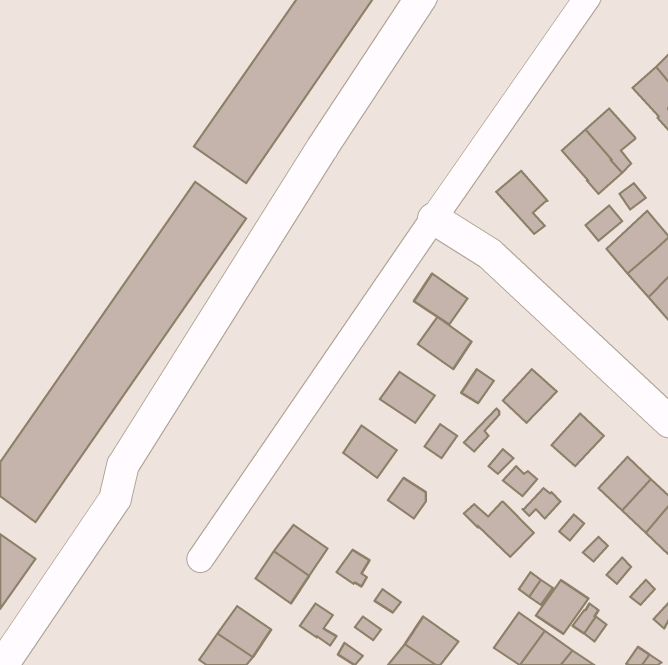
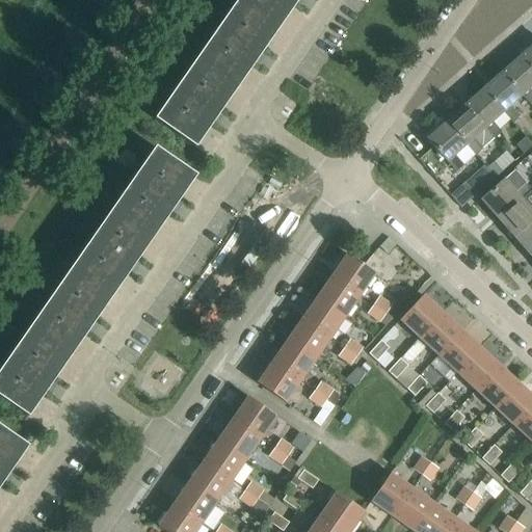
building: none -> [484,70,524,121]
building: [496,171,547,234] -> [427,119,468,169]
building: [414,274,468,325] -> [318,273,361,314]
building: none -> [419,311,461,353]
building: none -> [288,317,330,357]
building: none -> [457,346,499,388]
building: none -> [258,360,300,400]
building: none -> [234,395,276,435]
building: [464,502,534,557] -> none
building: none -> [189,459,232,500]
building: [536,580,588,634] -> [371,472,413,514]

